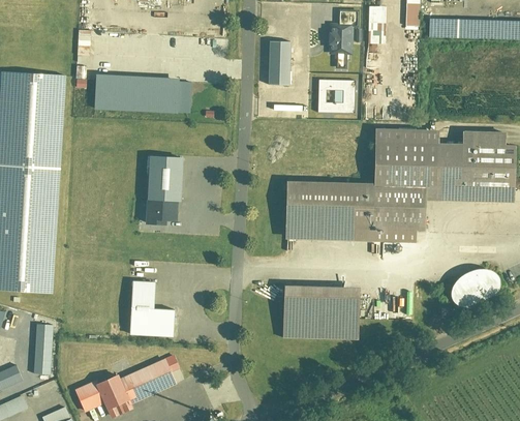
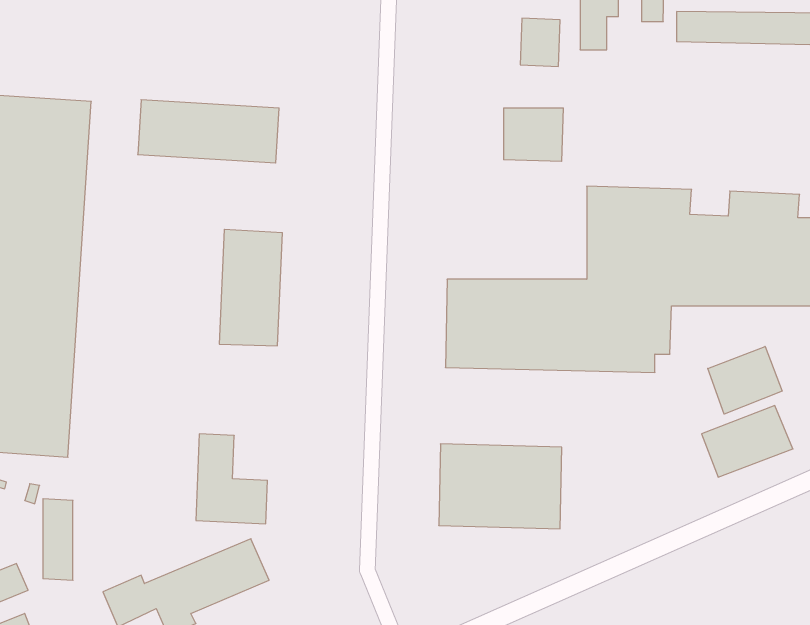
building: [268,41,290,86] -> none
building: none -> [708,346,782,414]

